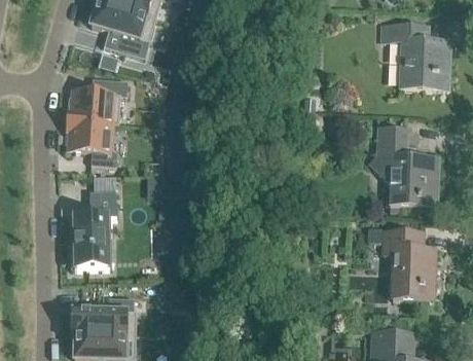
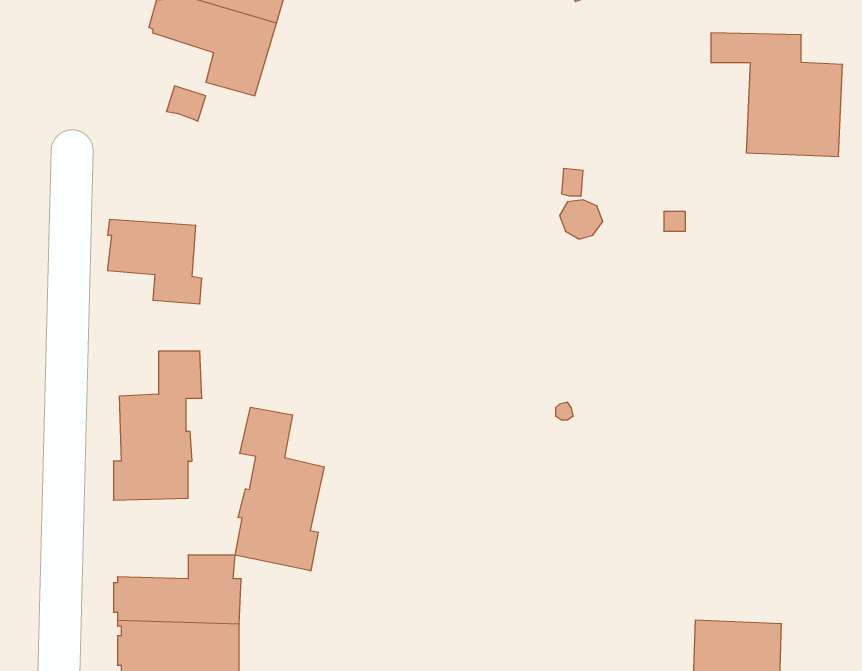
building: [67,77,126,125] -> none
building: [368,125,439,206] -> none
building: none -> [235,407,324,571]
building: [384,229,434,299] -> none

